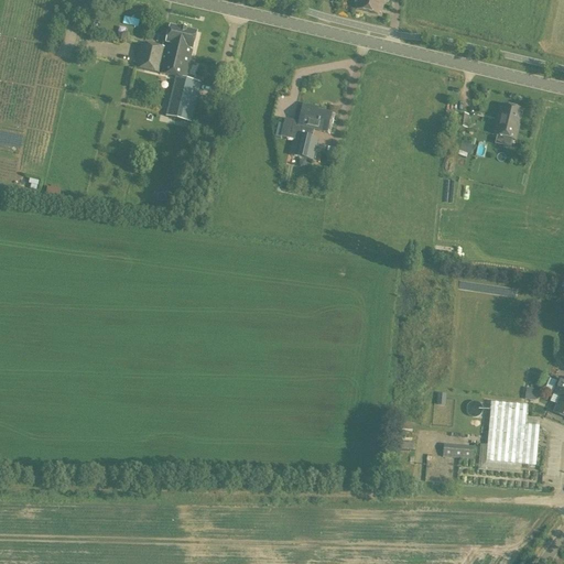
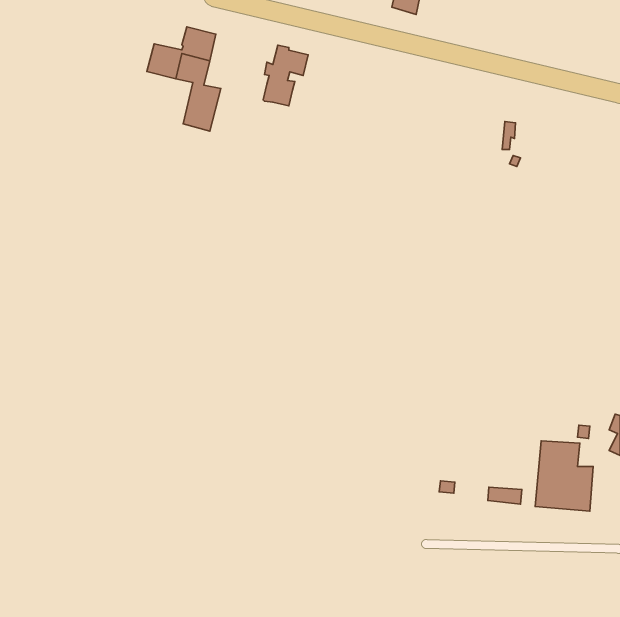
building: [290,102,330,158] -> [263,45,308,106]
building: [495,102,521,138] -> none

